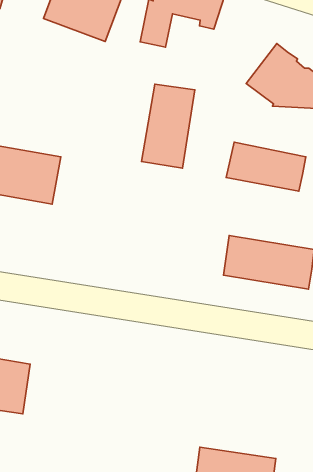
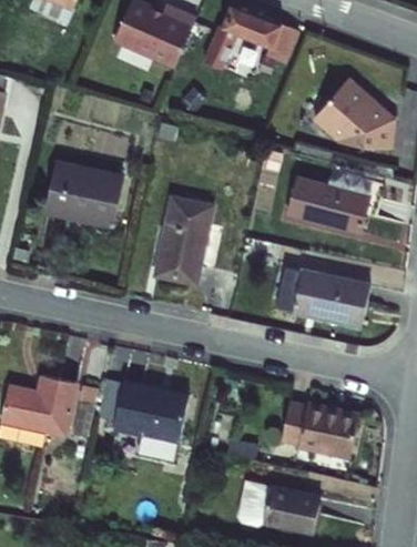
building: [142,84,195,168] -> [155,197,213,284]
building: none -> [115,385,190,459]
building: none -> [277,404,357,457]

